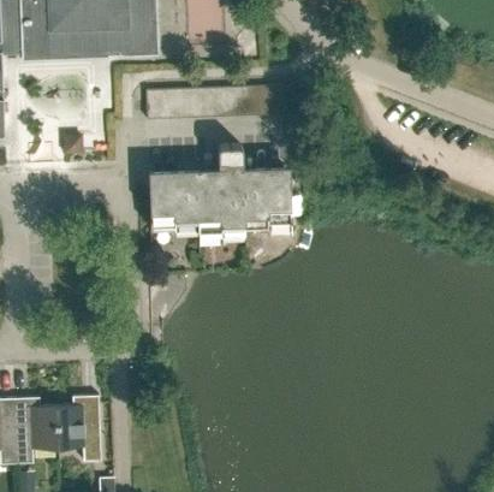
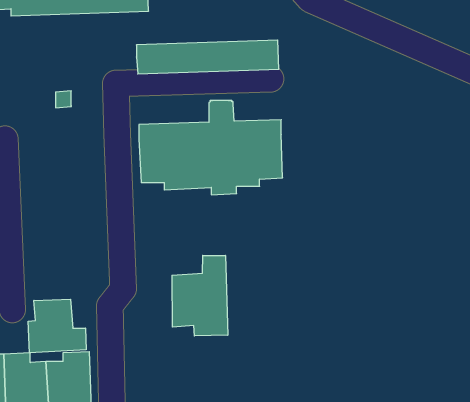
building: none -> [172,255,228,336]
building: none -> [28,299,86,353]

